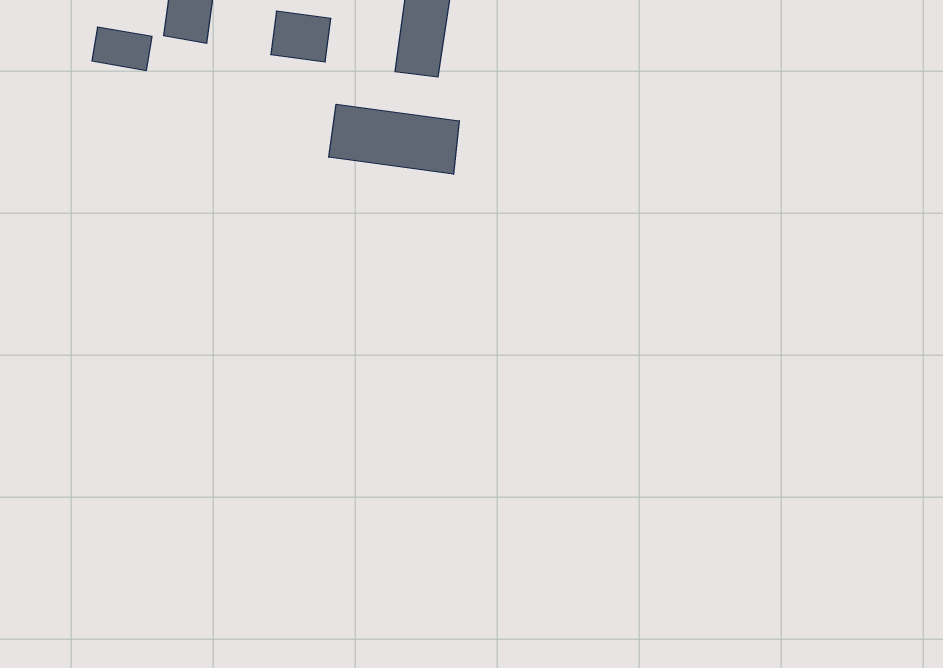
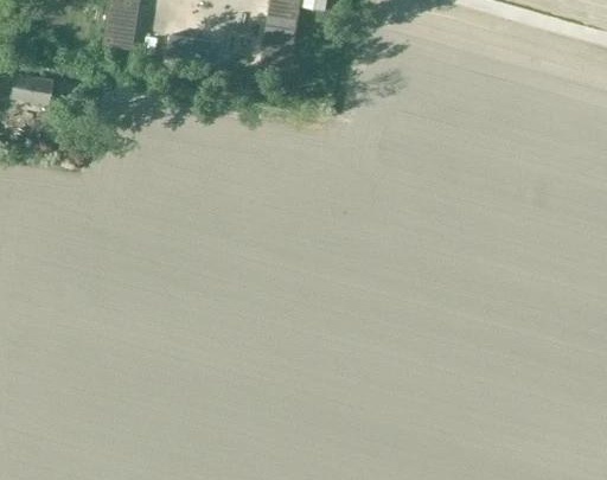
building: [92,27,152,70] -> [13,75,51,102]
building: [329,104,459,174] -> none

